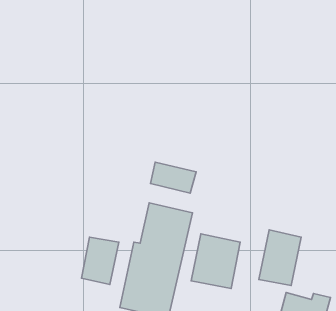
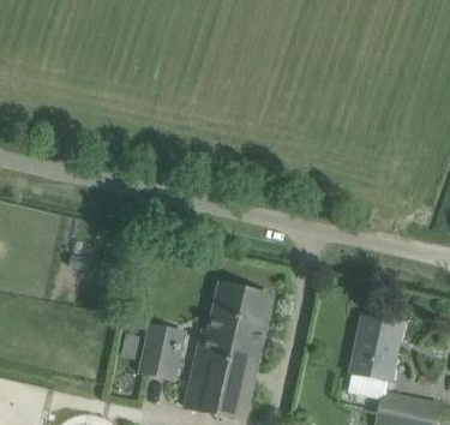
building: [150,162,196,193] -> none
building: [191,234,240,288] -> none

